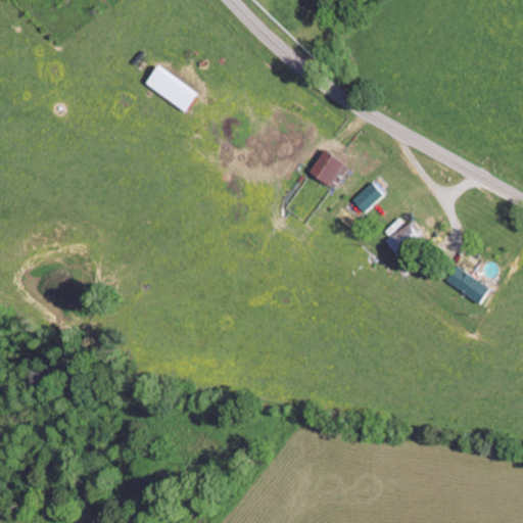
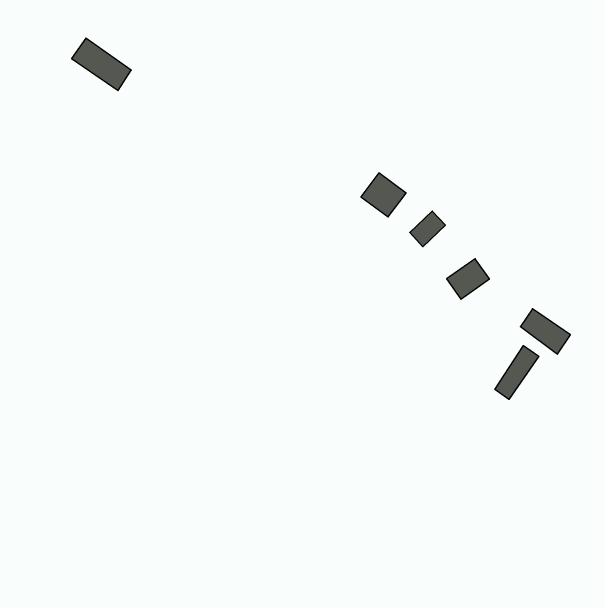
building: [145,65,196,110] -> [72,38,131,91]
building: none -> [495,346,539,399]

